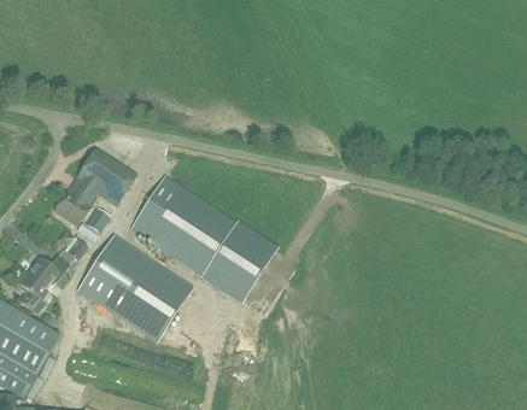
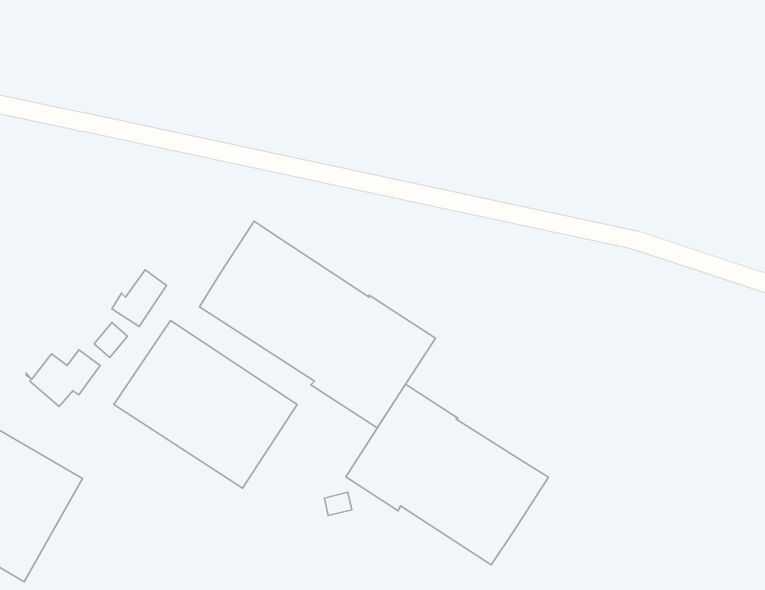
building: [53,147,135,223] -> none
building: [13,269,46,312] -> none
building: none -> [346,384,548,565]

